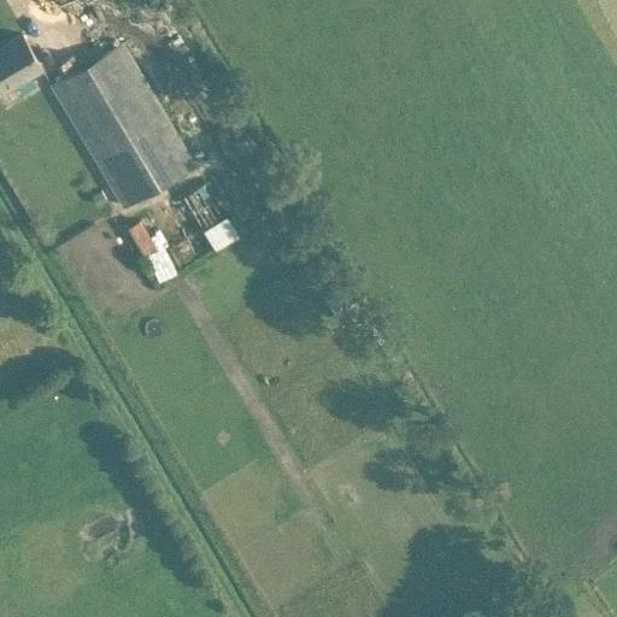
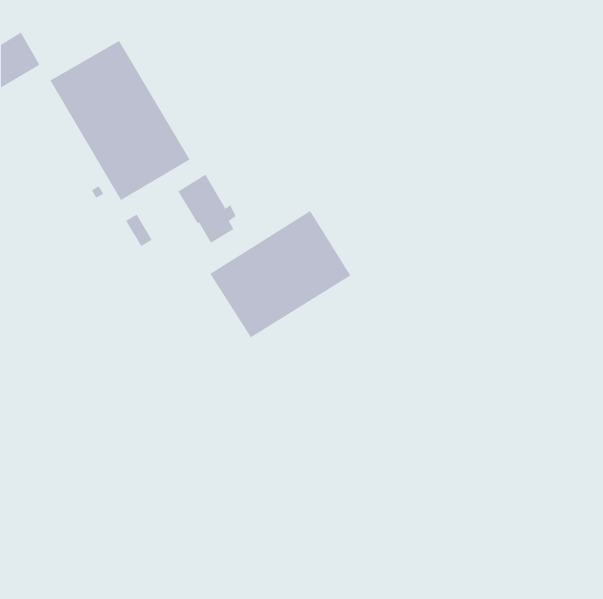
building: none -> [209,210,351,338]

